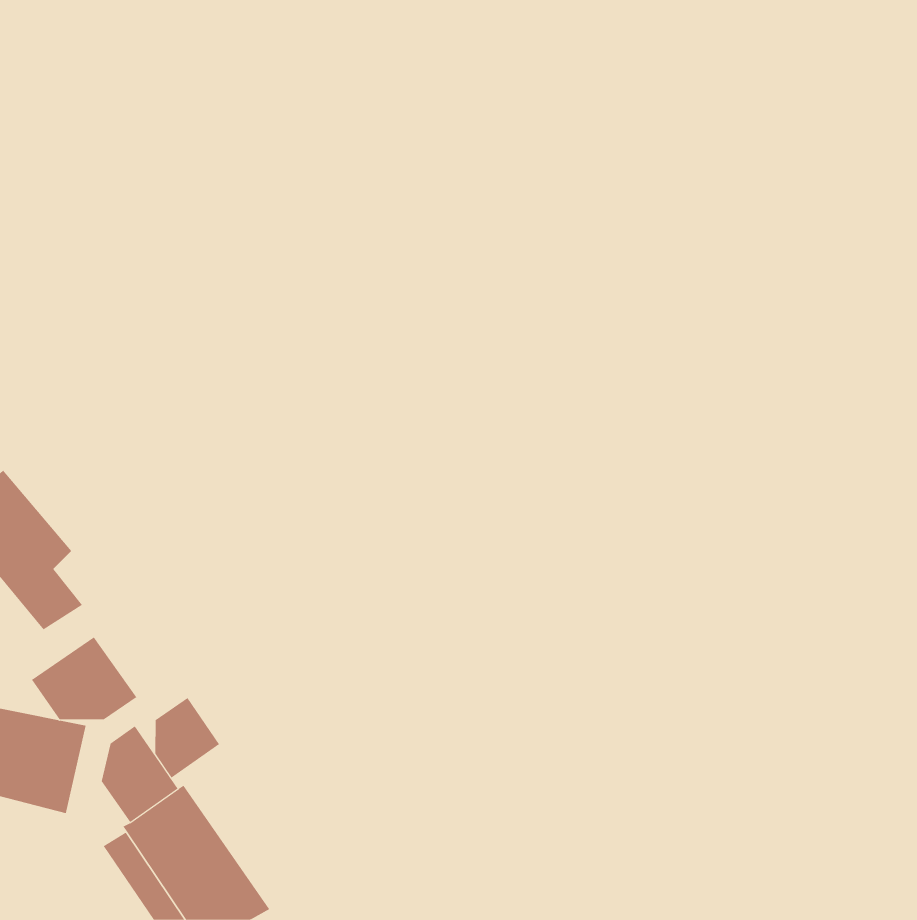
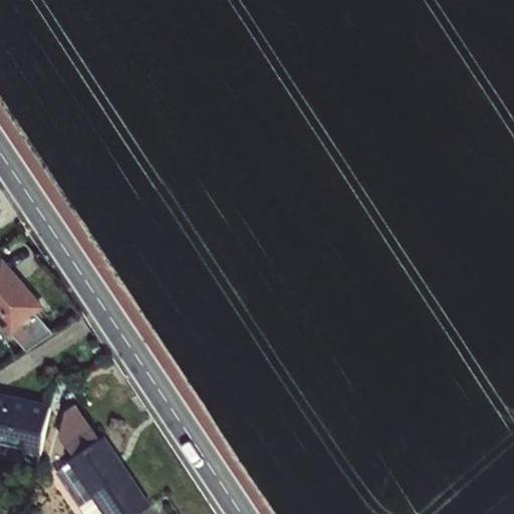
building: [31,636,137,720] -> none
building: [155,697,220,779] -> none

